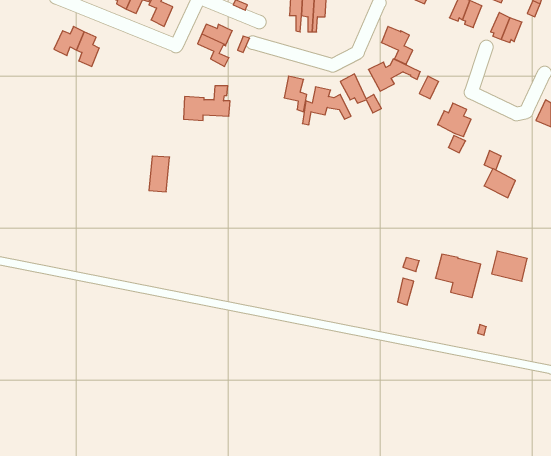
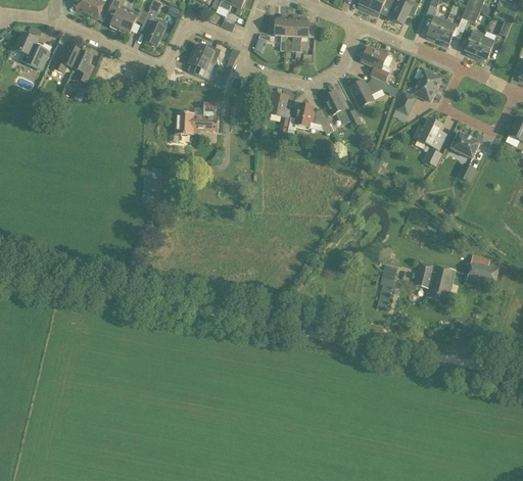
building: none -> [15,32,51,69]
building: none -> [413,67,441,100]
building: [484,169,515,198] -> [450,131,480,158]

